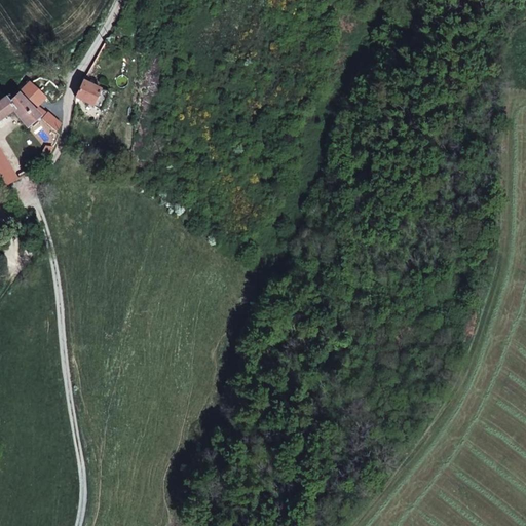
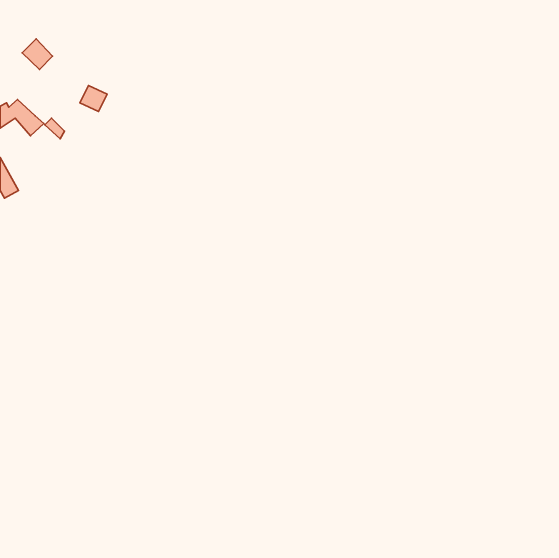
building: [16,80,45,109] -> [22,39,53,69]

